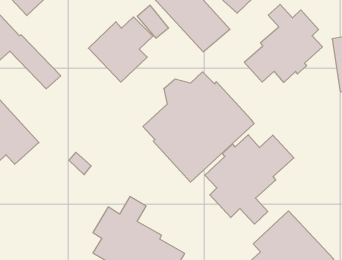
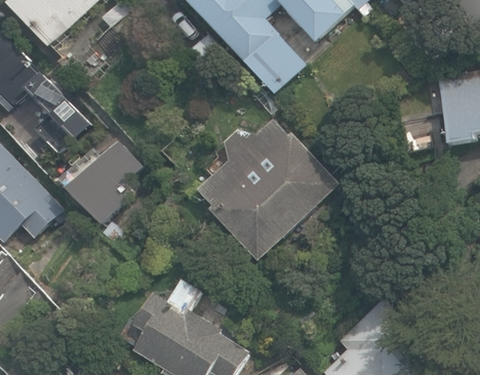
building: [244,4,322,82] -> none
building: [88,17,153,82] -> [61,140,143,223]
building: [205,135,294,224] -> none

